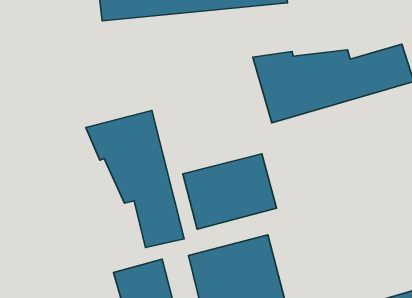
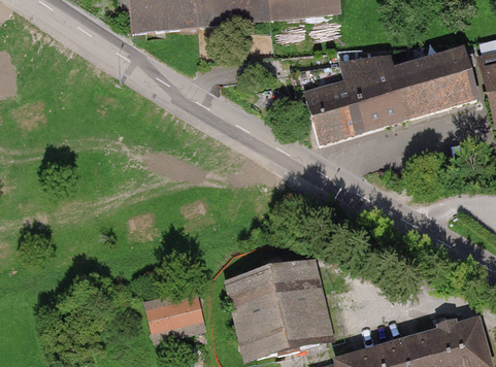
building: [86,111,184,247] -> none
building: [183,154,277,229] -> none

